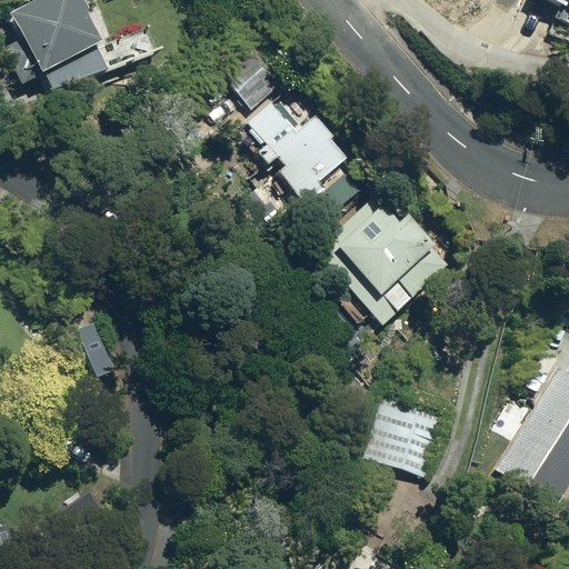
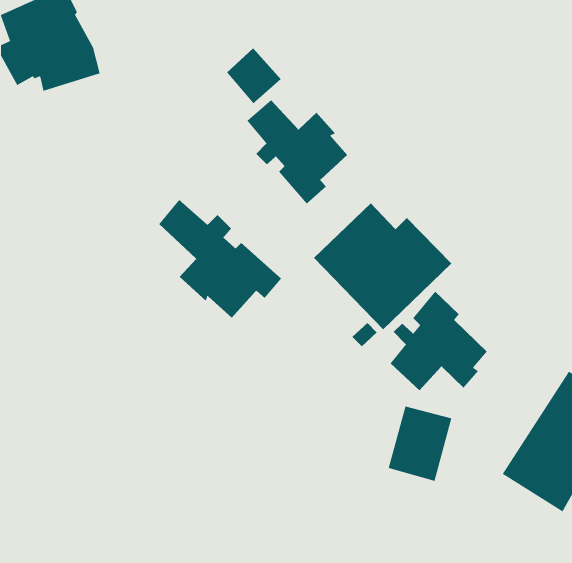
building: none -> [159,199,282,319]
building: none -> [390,291,488,391]

